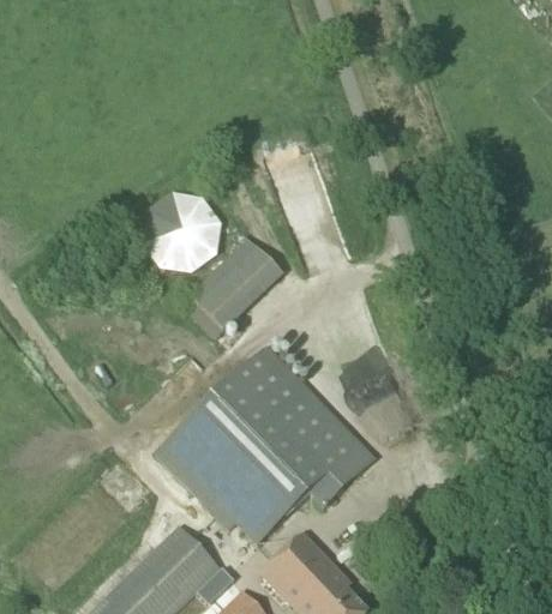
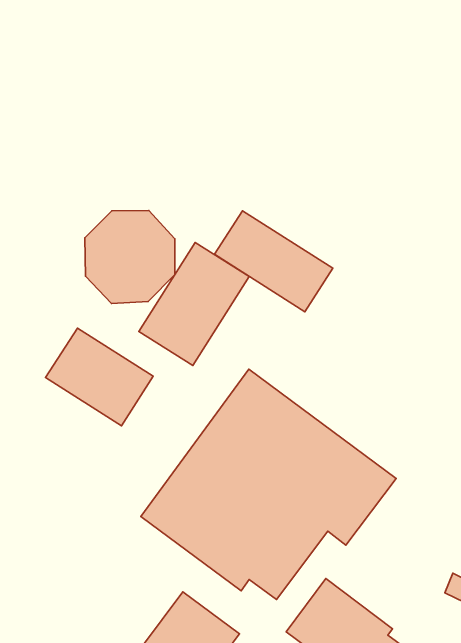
building: none -> [214,211,333,312]
building: none -> [46,328,153,426]

